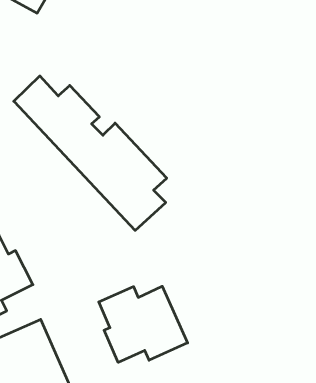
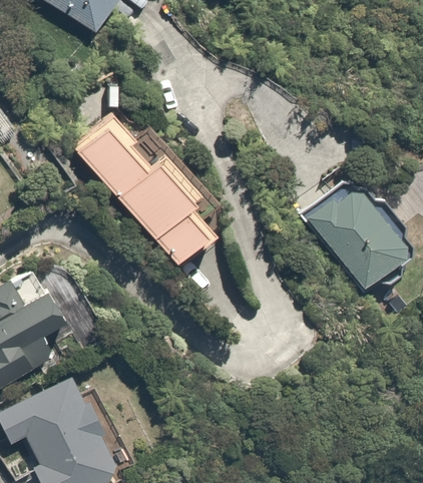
building: none -> [287,180,383,285]
building: [99,286,188,362] -> none

